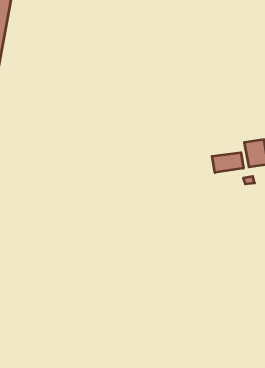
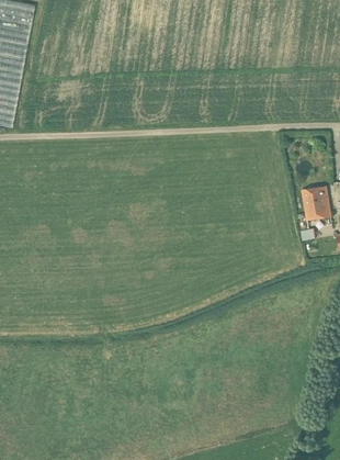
building: [212,153,243,173] -> none

